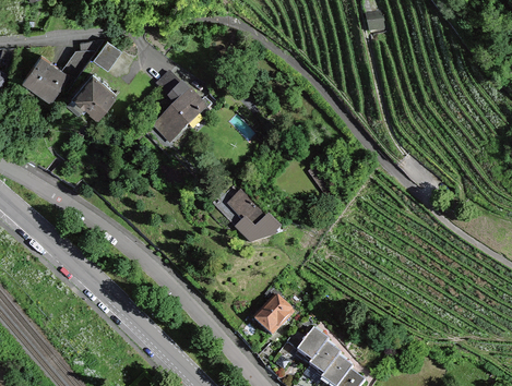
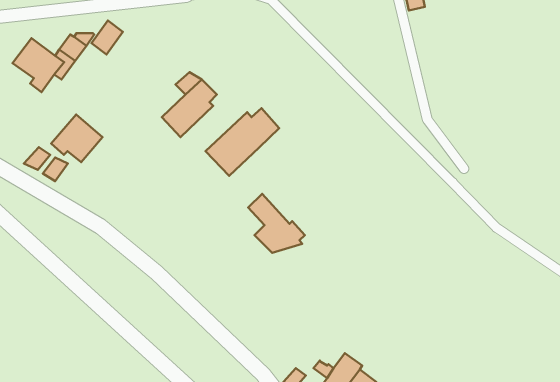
building: [71,73,116,114] -> [51,115,103,162]
building: none -> [206,108,279,176]
building: [253,294,293,334] -> none

